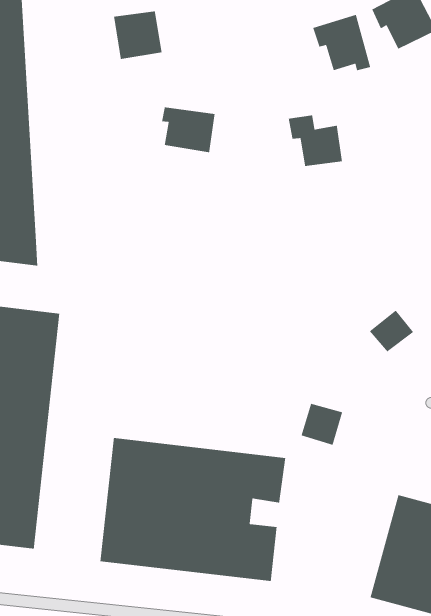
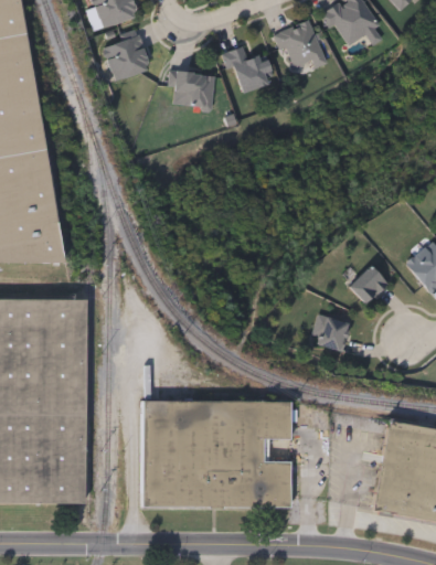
building: [161,107,215,153] -> [169,72,214,107]
building: [288,114,343,167] -> [223,46,274,92]
building: [300,403,343,446] -> [316,317,350,351]

